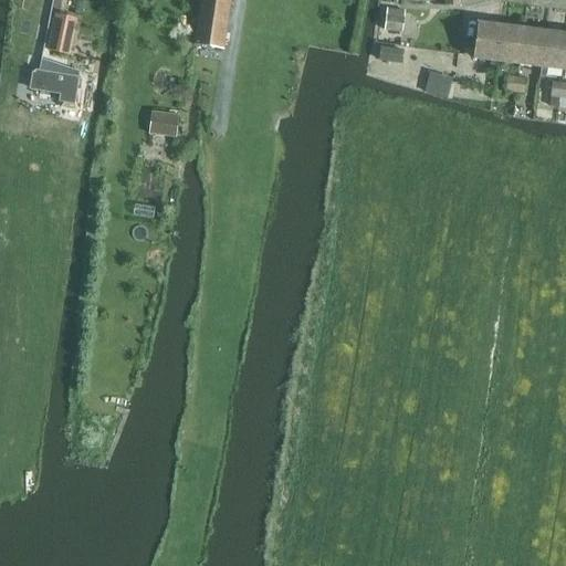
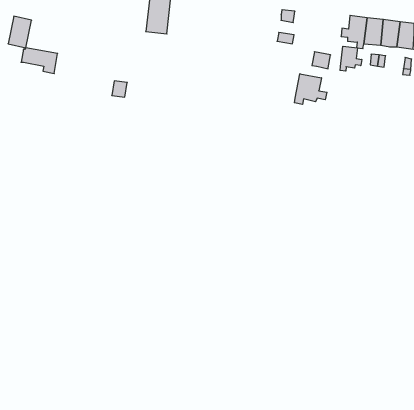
building: [46,10,78,53] -> [8,16,32,48]
building: none -> [340,46,362,71]
building: none -> [294,74,327,104]

